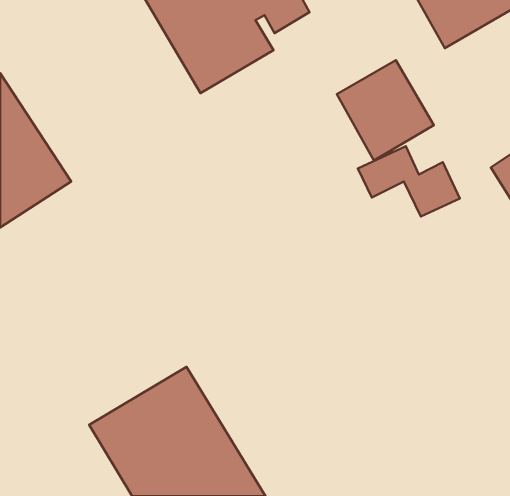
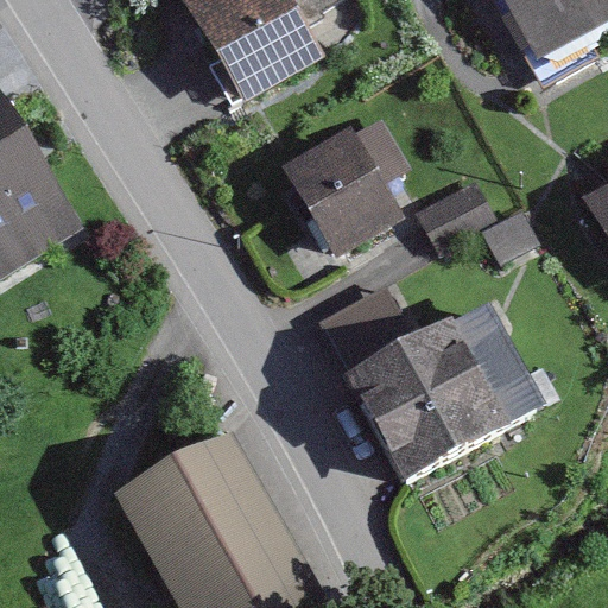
building: [337,60,434,160] -> [283,138,398,256]
building: none -> [344,303,540,479]

